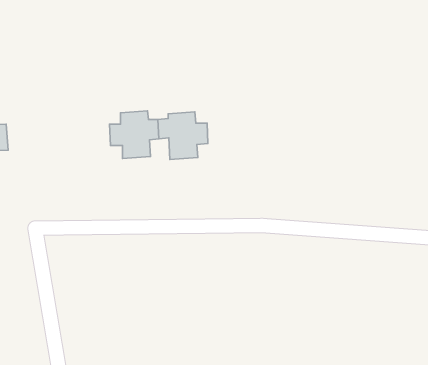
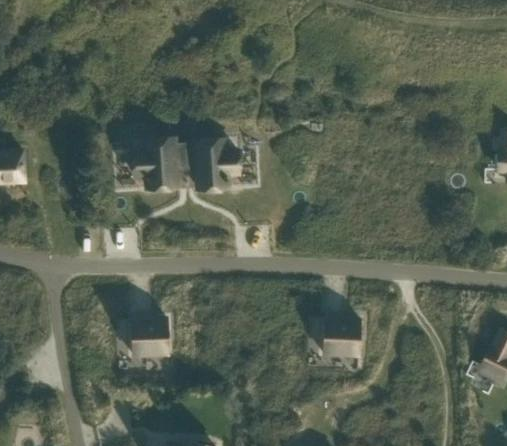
building: none -> [132,320,168,356]
building: none -> [323,320,360,357]

